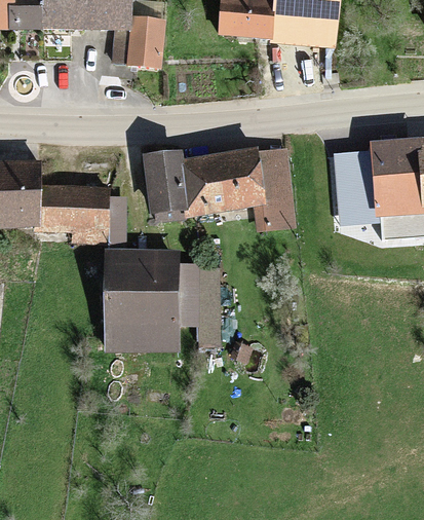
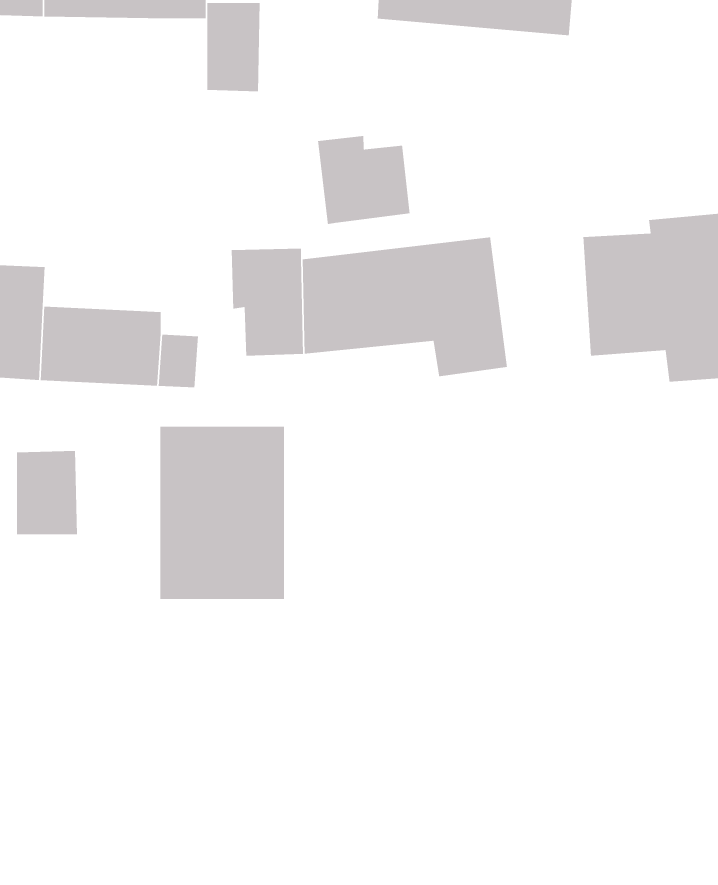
building: [111,30,131,69] -> none
building: none -> [317,135,411,225]
building: [175,265,204,337] -> none
building: none -> [16,450,78,535]

